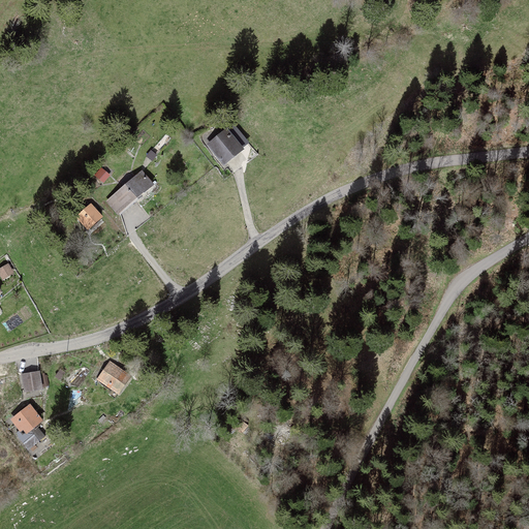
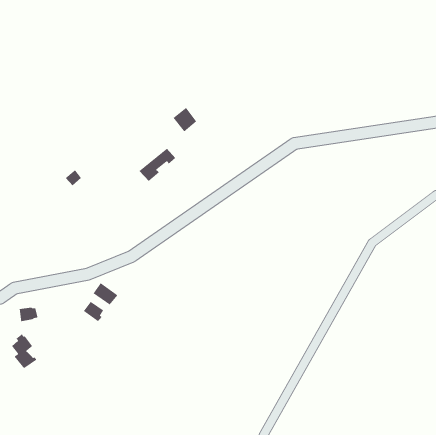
building: [107,172,153,213] -> [139,148,176,182]
building: none -> [92,282,118,306]

